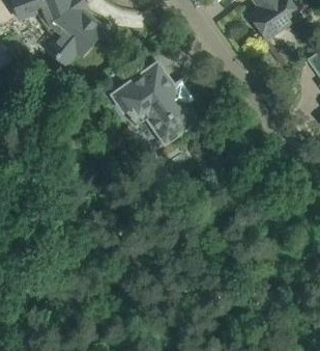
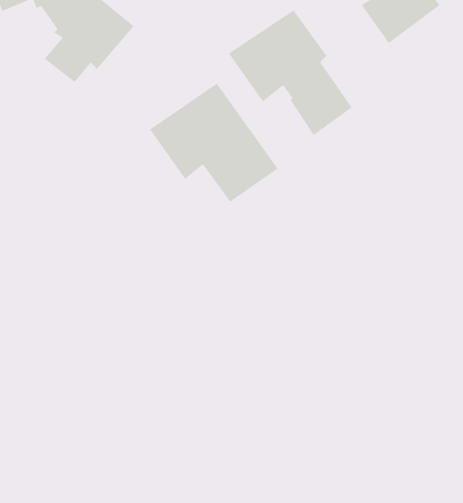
building: none -> [228,9,352,136]

